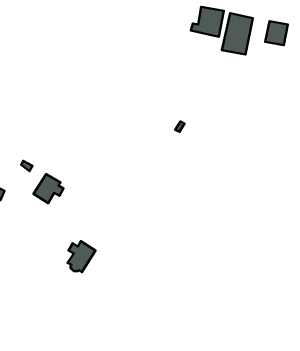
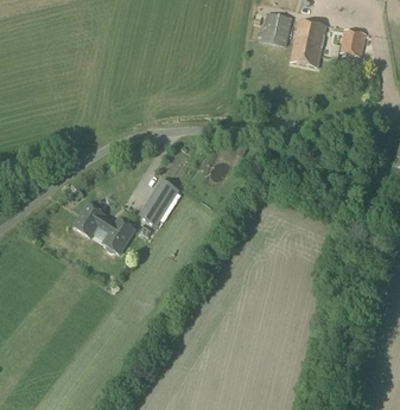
building: none -> [139,178,179,225]
building: [68,241,95,272] -> [102,218,134,254]

